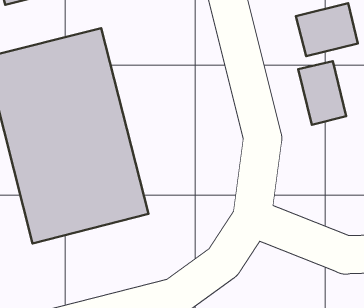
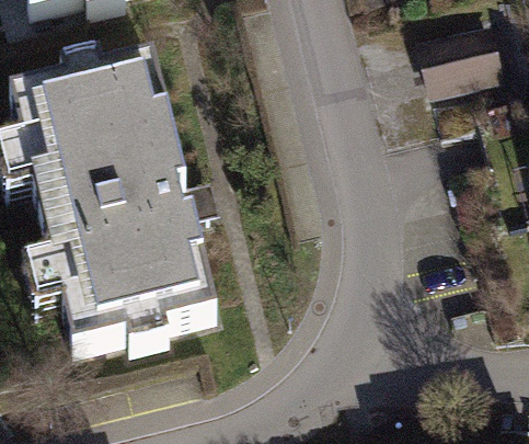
building: [298,61,346,125] -> none

